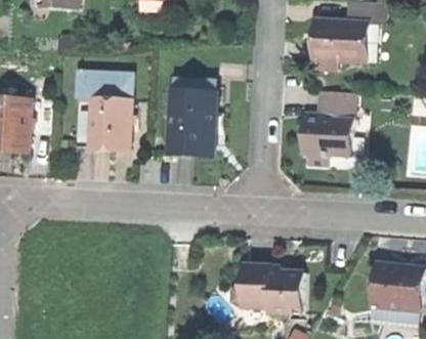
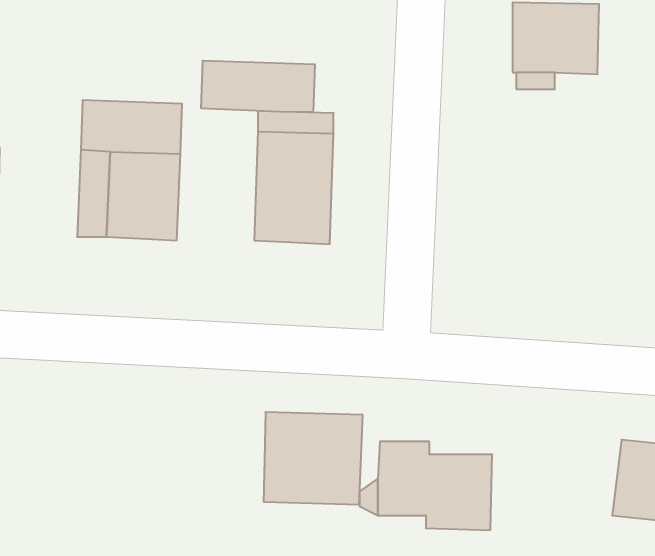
building: none -> [201,61,315,112]
building: [302,91,354,166] -> none
building: none -> [264,412,363,505]

